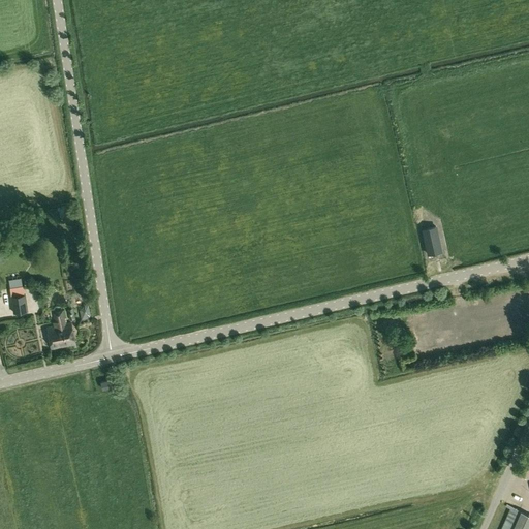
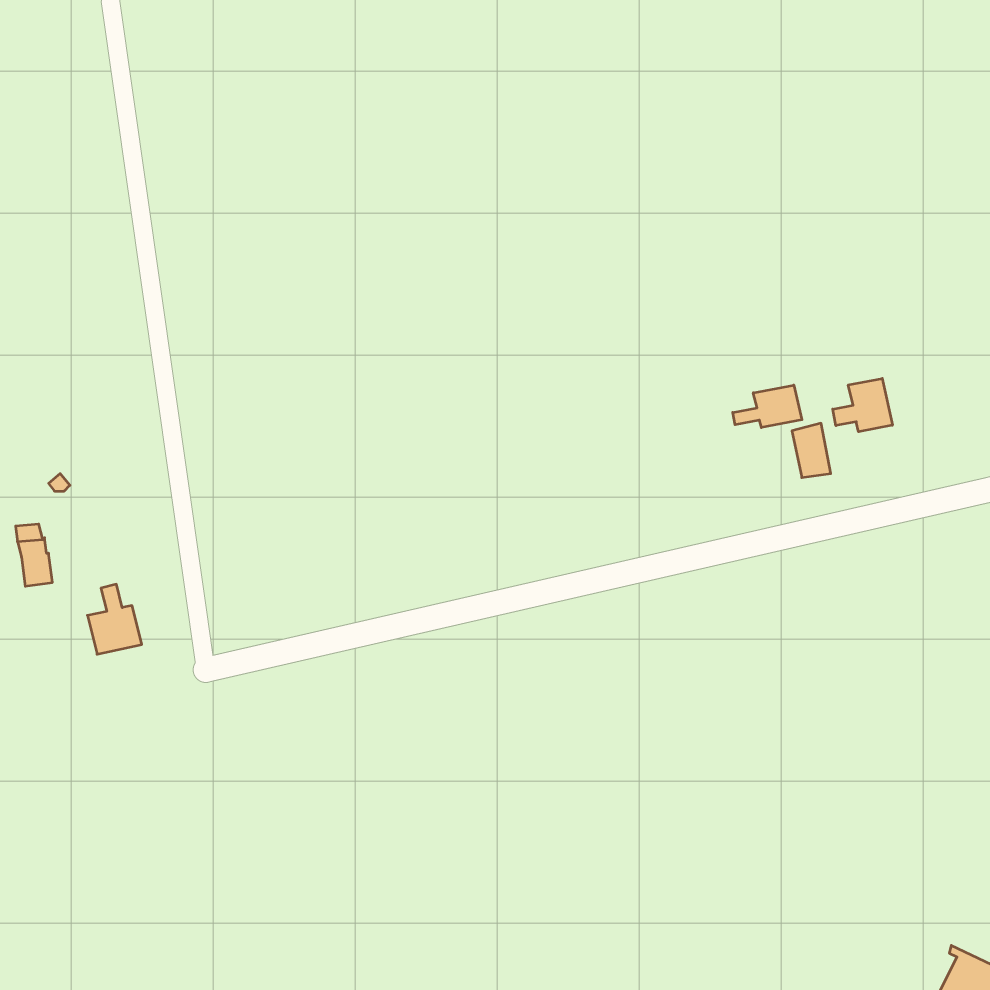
building: none -> [833,378,892,432]
building: none -> [733,385,802,428]

